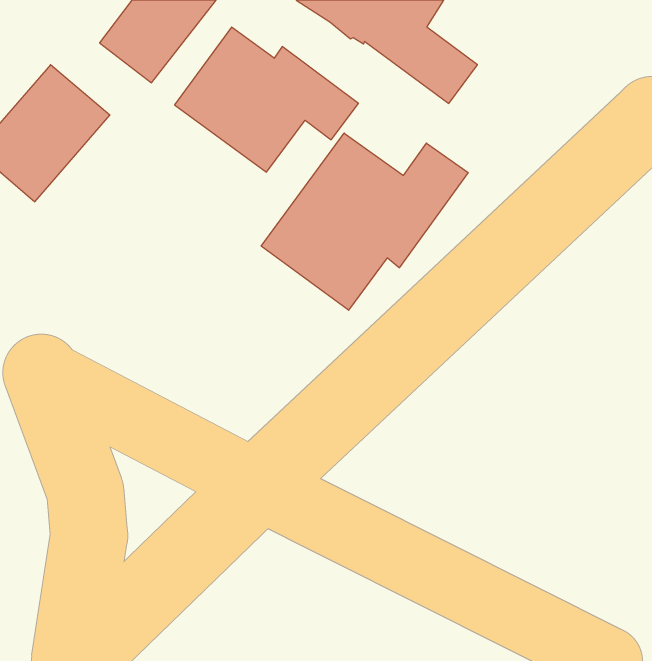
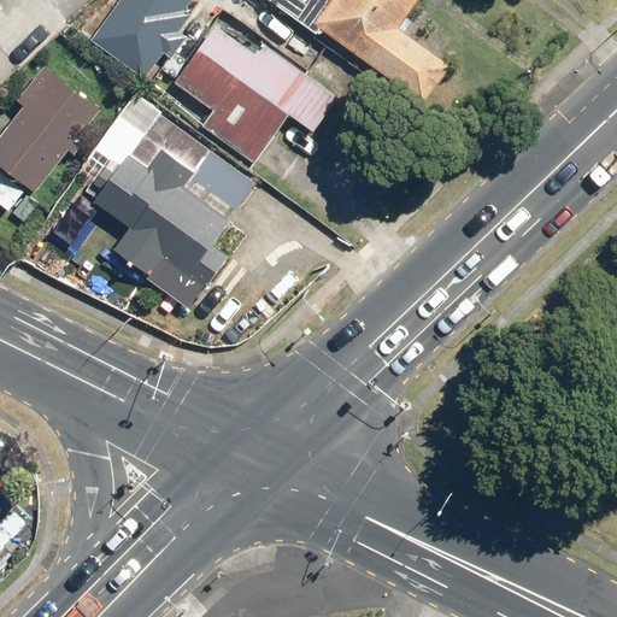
building: none -> [86,107,254,302]
building: [261,133,468,310] -> none

